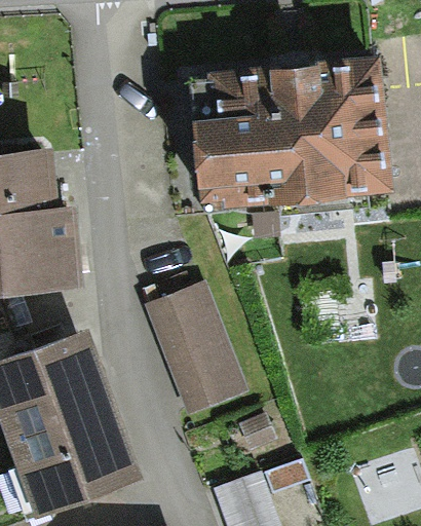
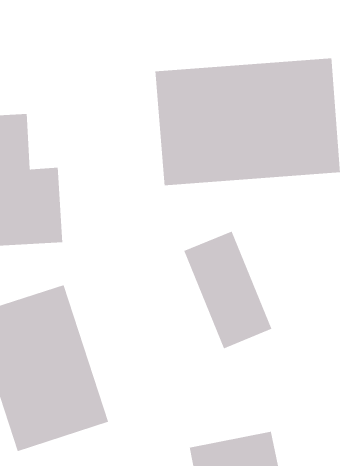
building: [146,285,241,412] -> [183,230,272,349]

